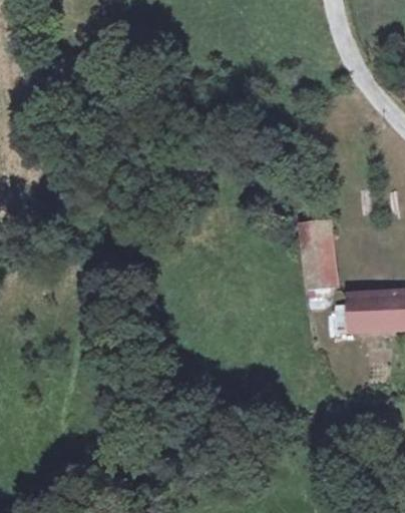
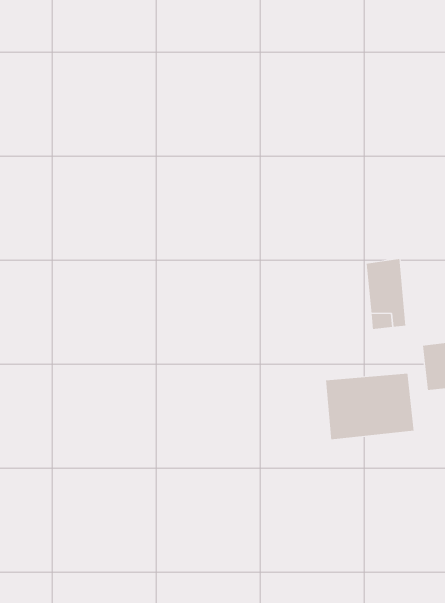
building: none -> [325,373,414,440]

